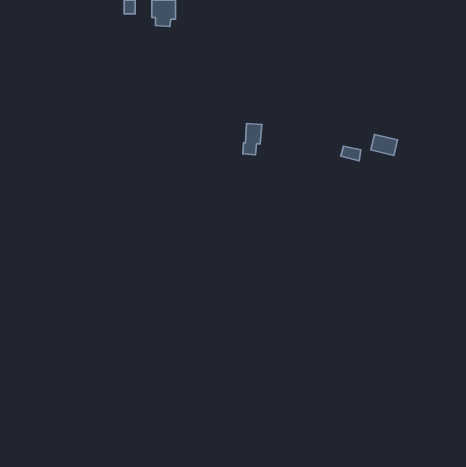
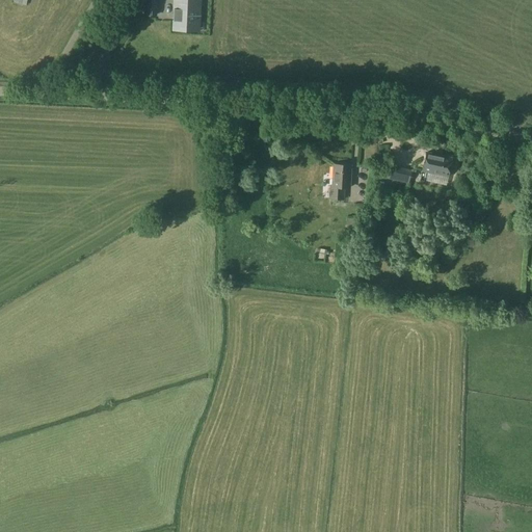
building: [243,124,262,155] -> [328,164,350,200]

